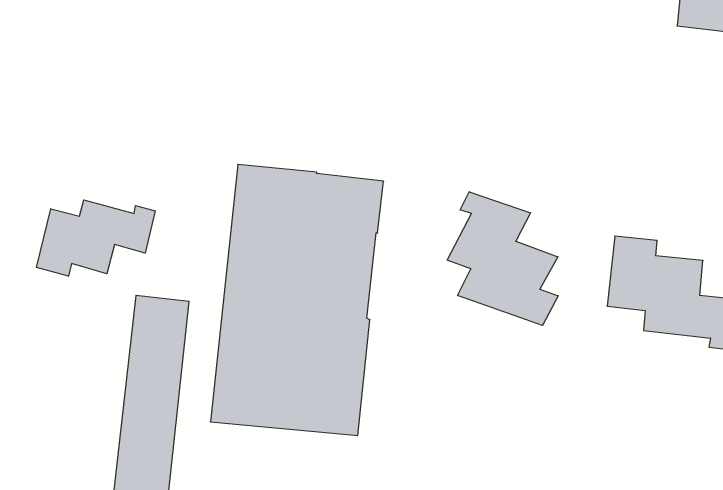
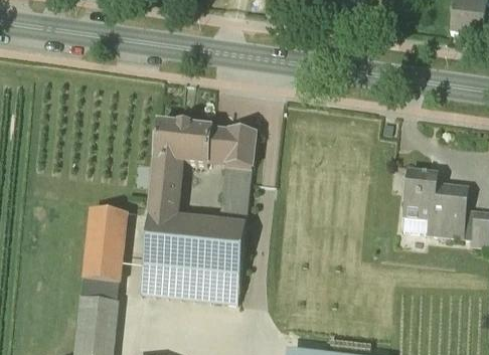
building: [447,192,558,325] -> none
building: [36,200,155,276] -> none

